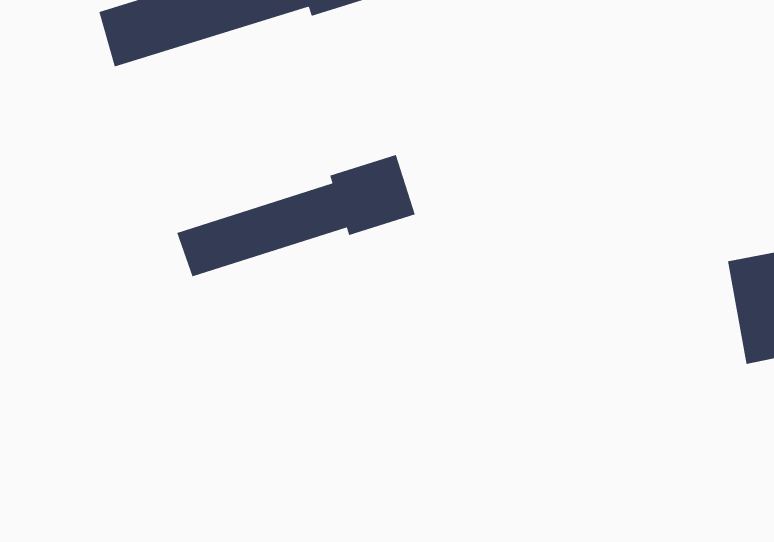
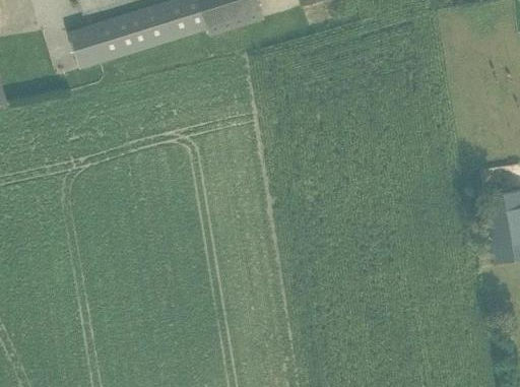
building: [177,154,415,277] -> none

